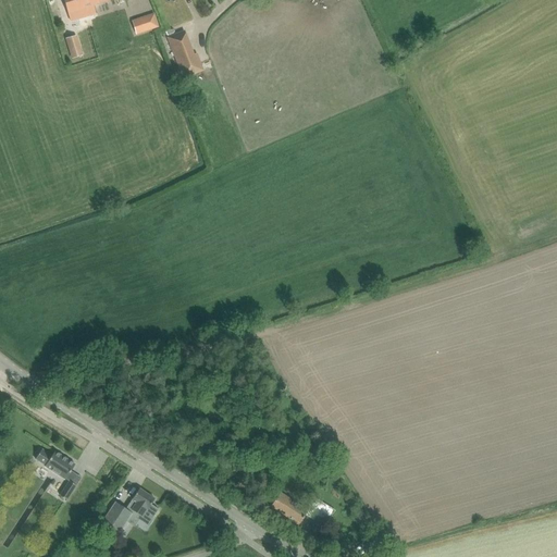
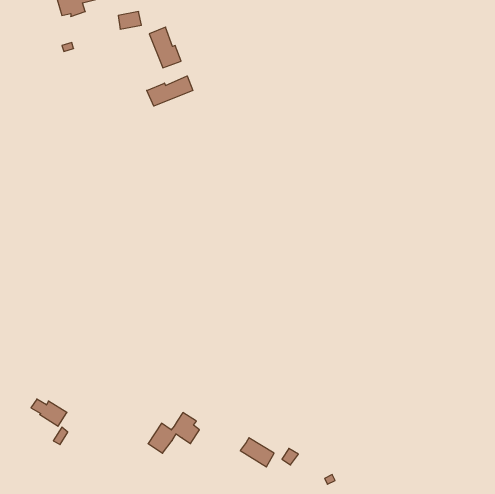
building: none -> [147,76,193,106]
building: [100,488,158,534] -> [148,413,199,453]

